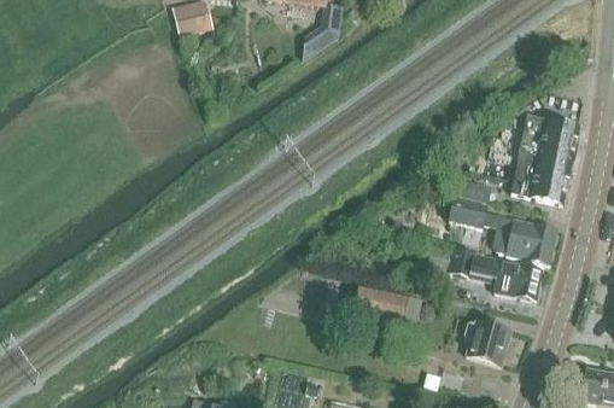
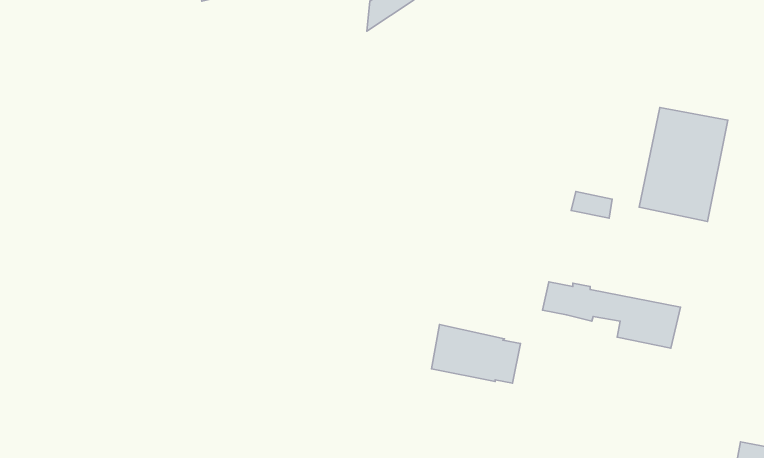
building: [449,199,557,264] -> none
building: [464,321,511,366] -> none

